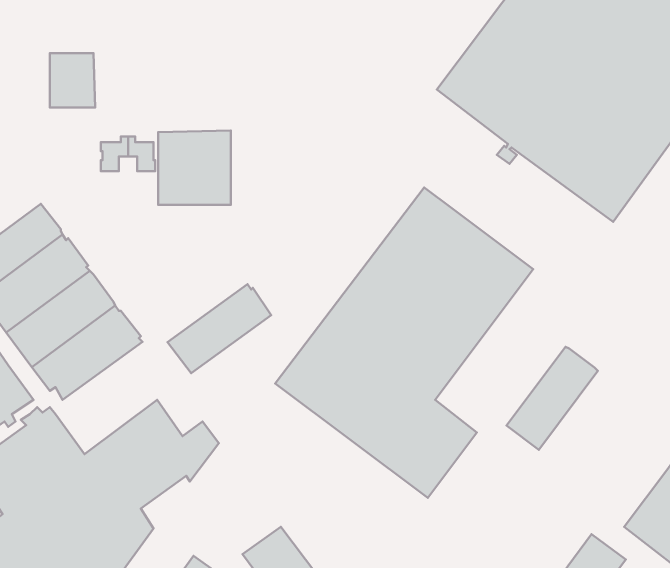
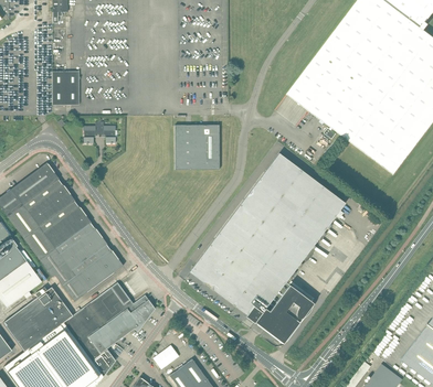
building: [158,130,231,205] -> [175,125,219,170]
building: [167,284,271,373] -> [60,247,123,301]
building: [507,347,598,450] -> none

